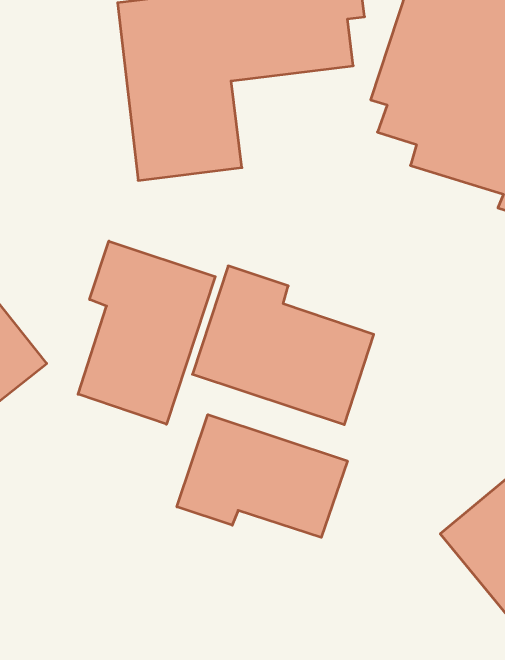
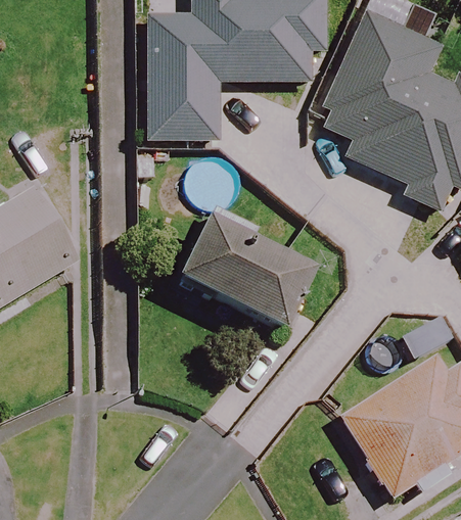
building: [78,241,215,424] -> none
building: [177,415,347,537] -> none

